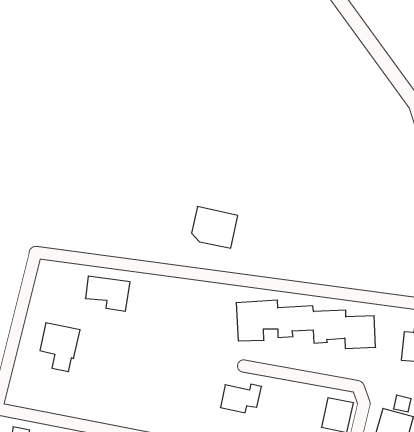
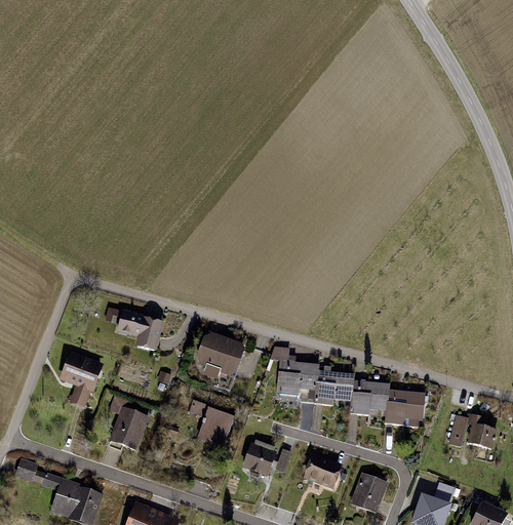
building: [192,207,238,248] -> [197,329,249,378]
building: none -> [197,406,238,448]
building: none -> [106,396,148,450]
building: none -> [304,455,342,488]

